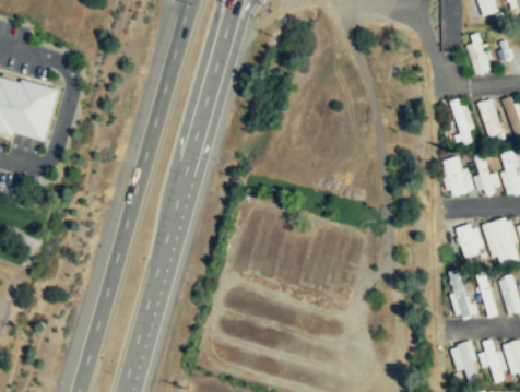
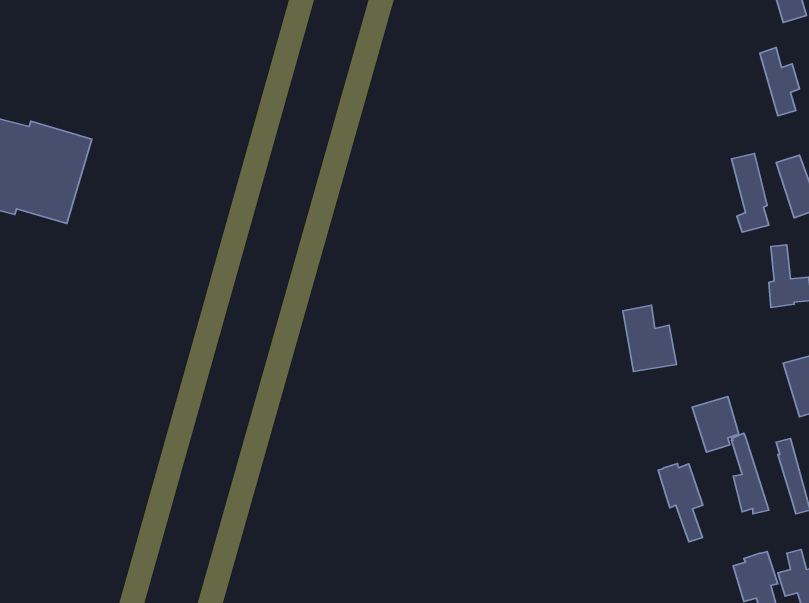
building: [439,156,472,197] -> [623,305,676,372]
building: [454,224,483,258] -> [692,396,739,452]
building: none -> [658,463,703,542]

